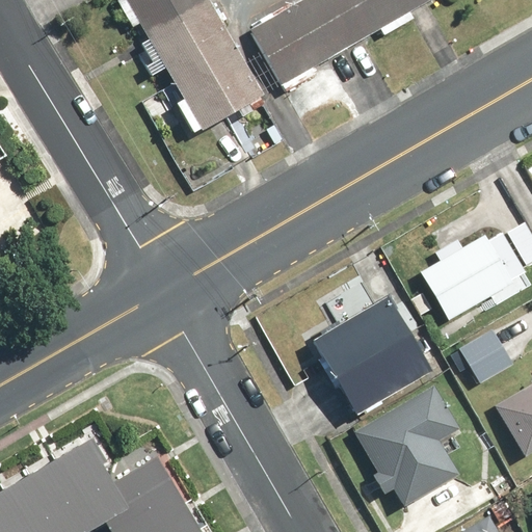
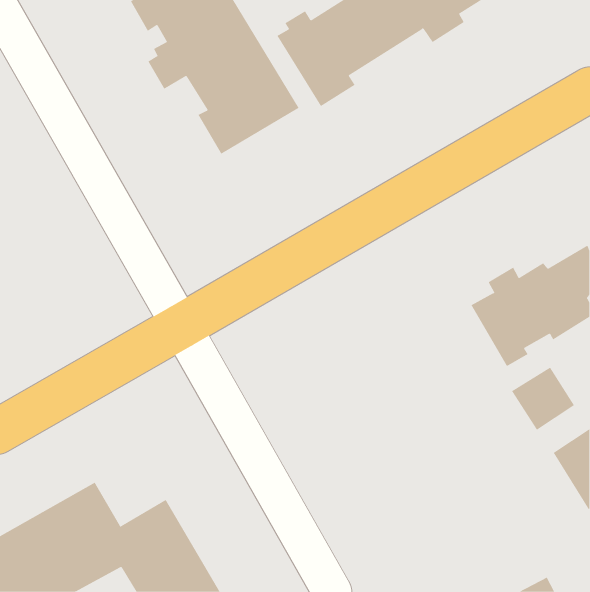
building: [313,281,438,416] -> none
building: [350,383,462,509] -> none

